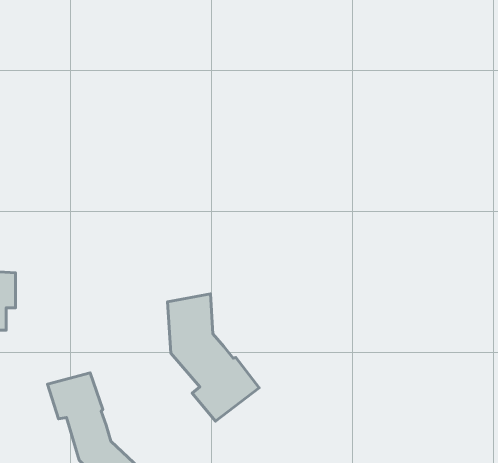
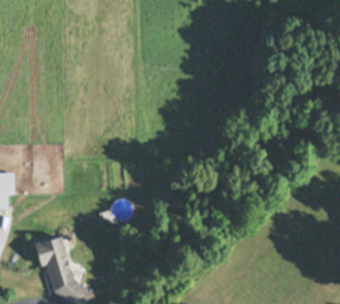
building: [167,294,259,421] -> none

